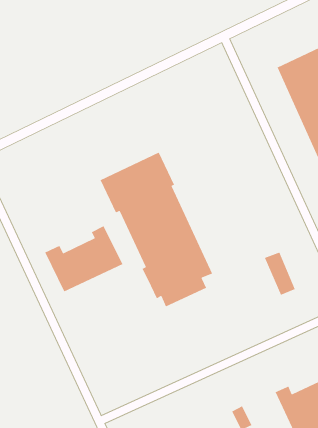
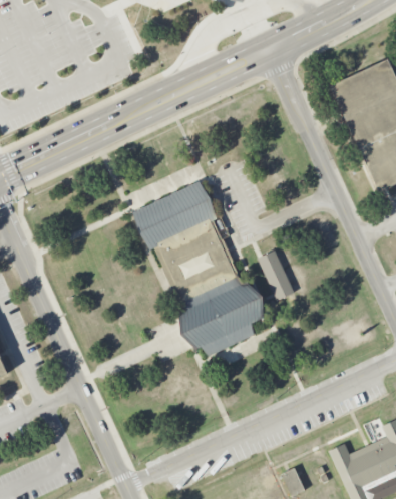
building: [44,225,123,293] -> none
building: [264,251,296,296] -> [258,251,294,301]

